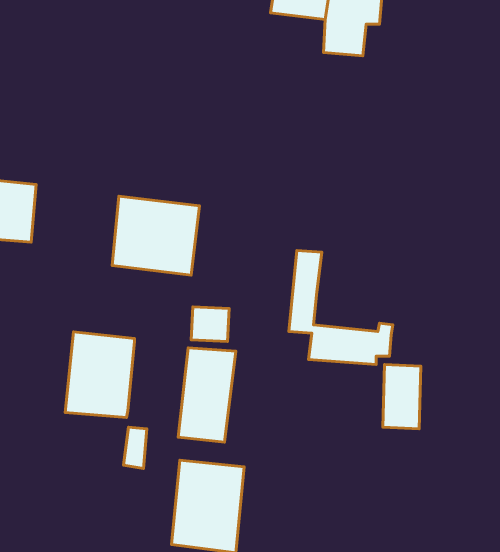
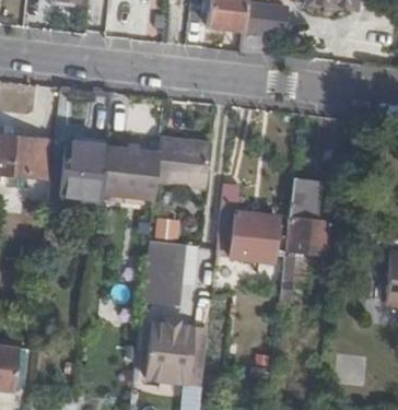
building: none -> [157,136,212,188]
building: none -> [288,178,331,245]
building: none -> [236,211,281,237]
building: [65,332,135,418] -> [61,141,107,198]

